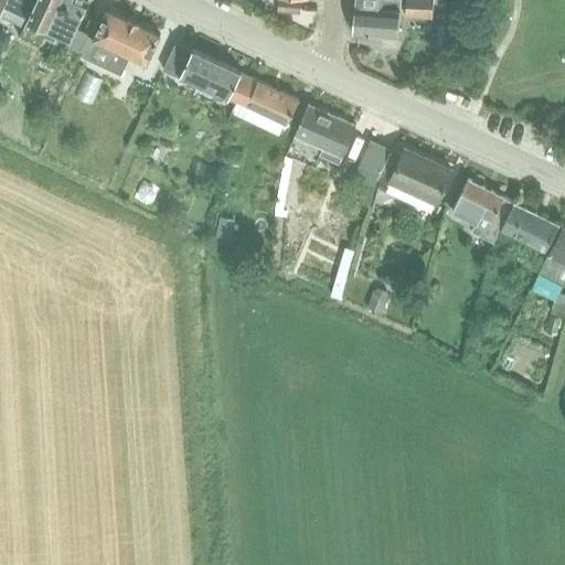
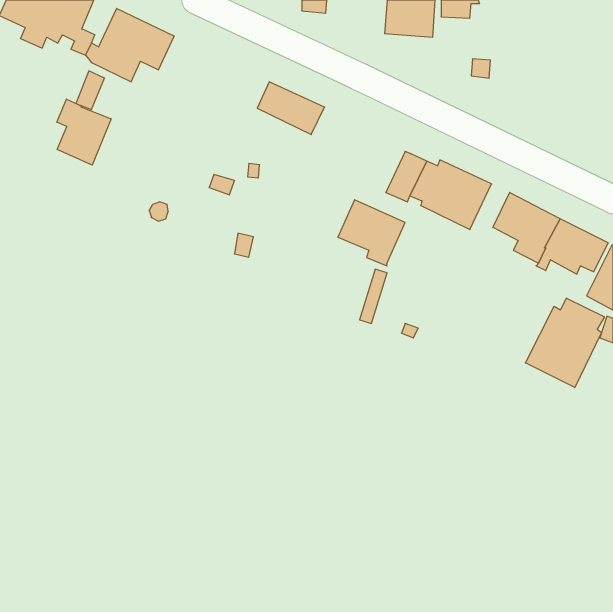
building: [162,44,247,102] -> none
building: none -> [57,99,111,165]
building: [292,105,354,166] -> [338,200,405,266]
building: none -> [525,298,604,388]

